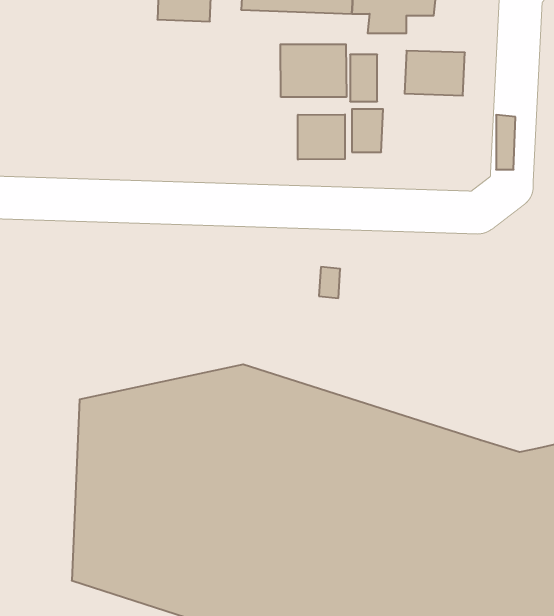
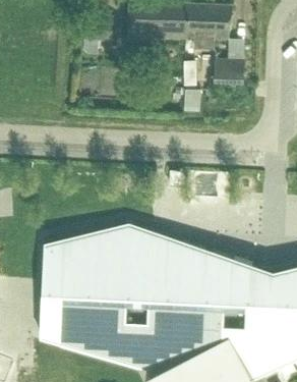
building: [280,44,346,97] -> none
building: [298,114,345,160] -> none

